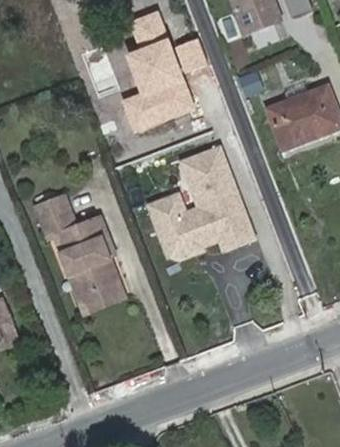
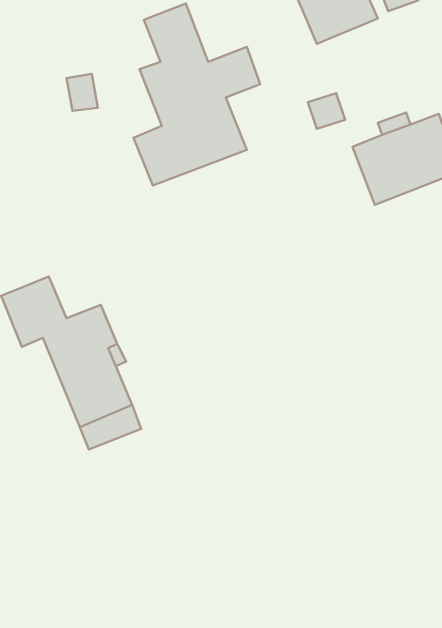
building: [147,147,250,252] -> none

